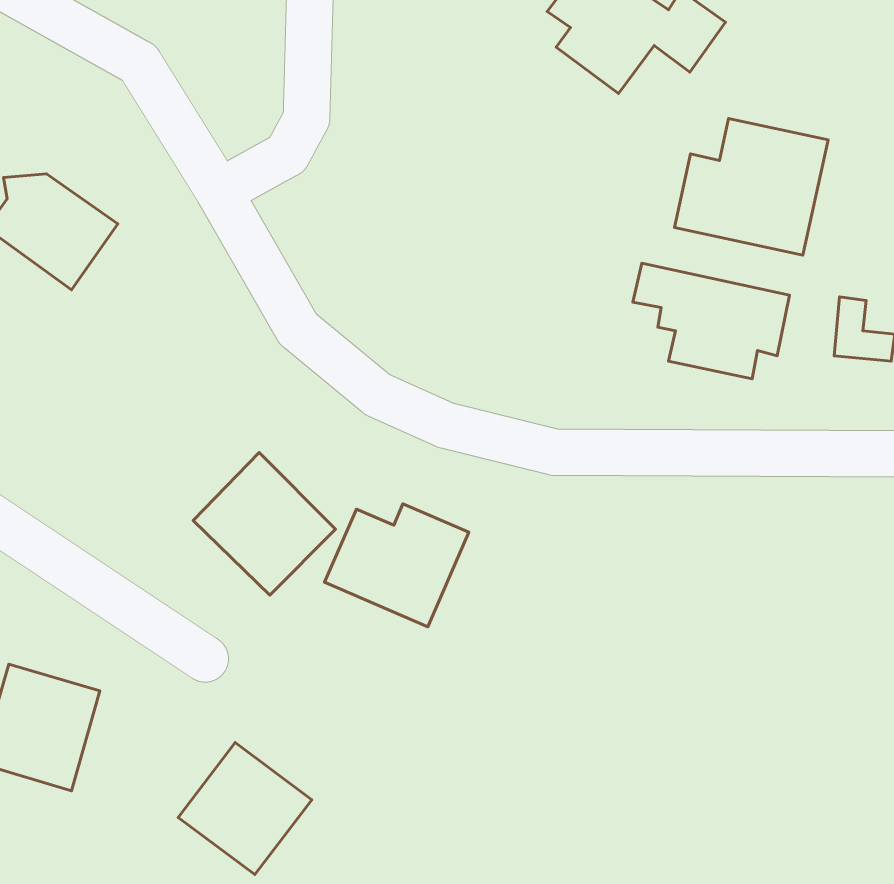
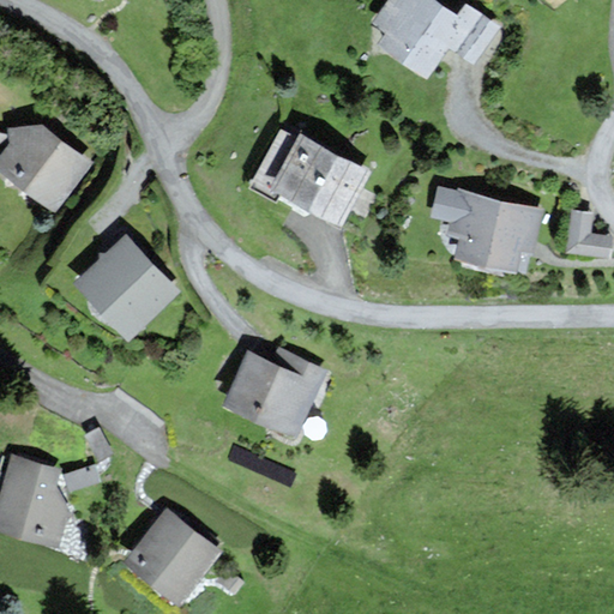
building: [675,119,828,255] -> none
building: none -> [254,133,366,222]
building: [193,453,336,595] -> [79,237,175,333]

